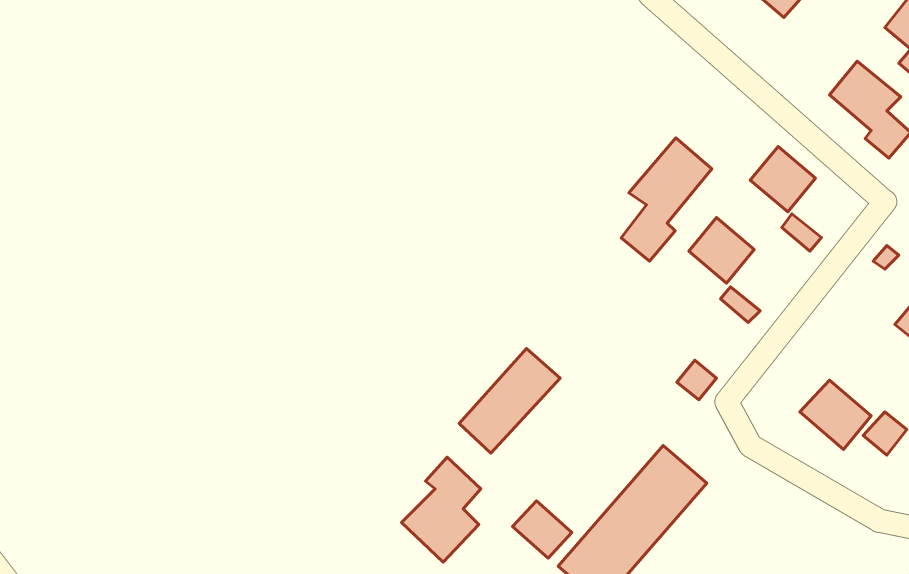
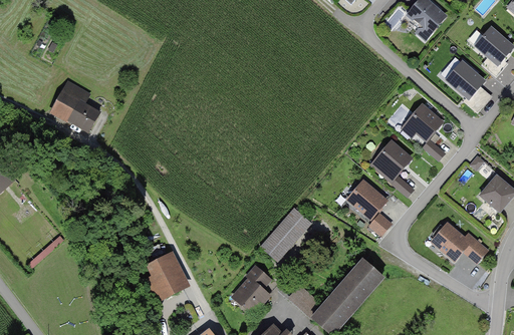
building: none -> [49,81,100,133]
building: [621,138,712,261] -> none
building: none -> [348,181,386,218]
building: none -> [143,252,188,303]

